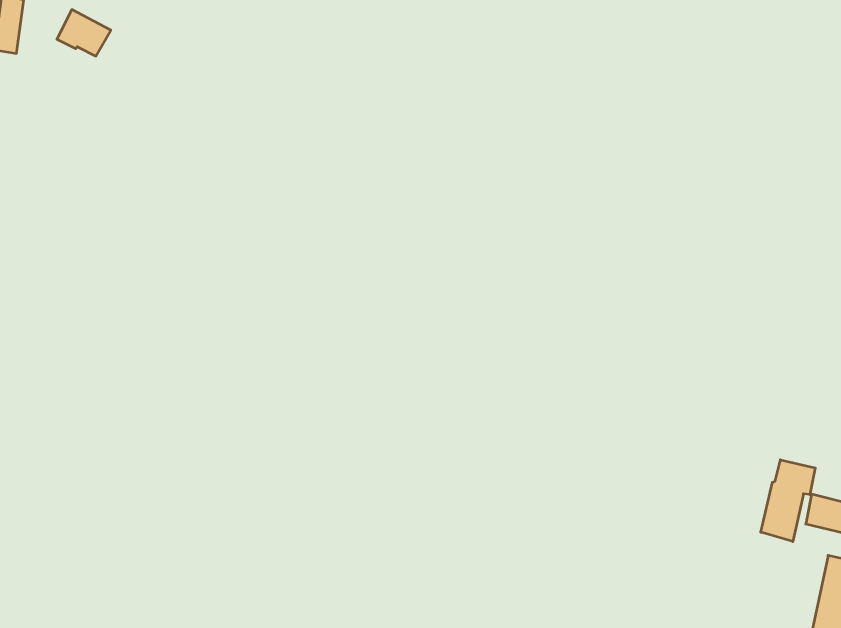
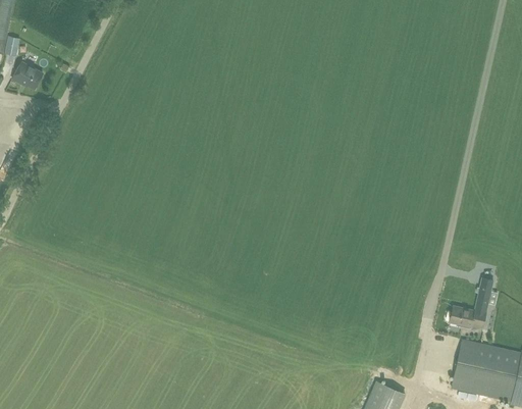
building: [57,10,111,56] -> [13,62,43,88]
building: [761,460,815,542] -> none

